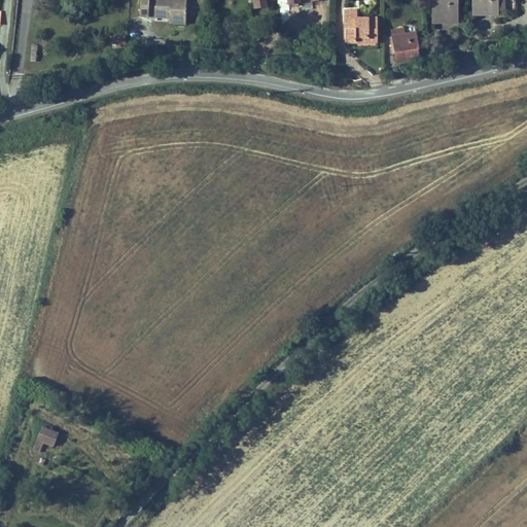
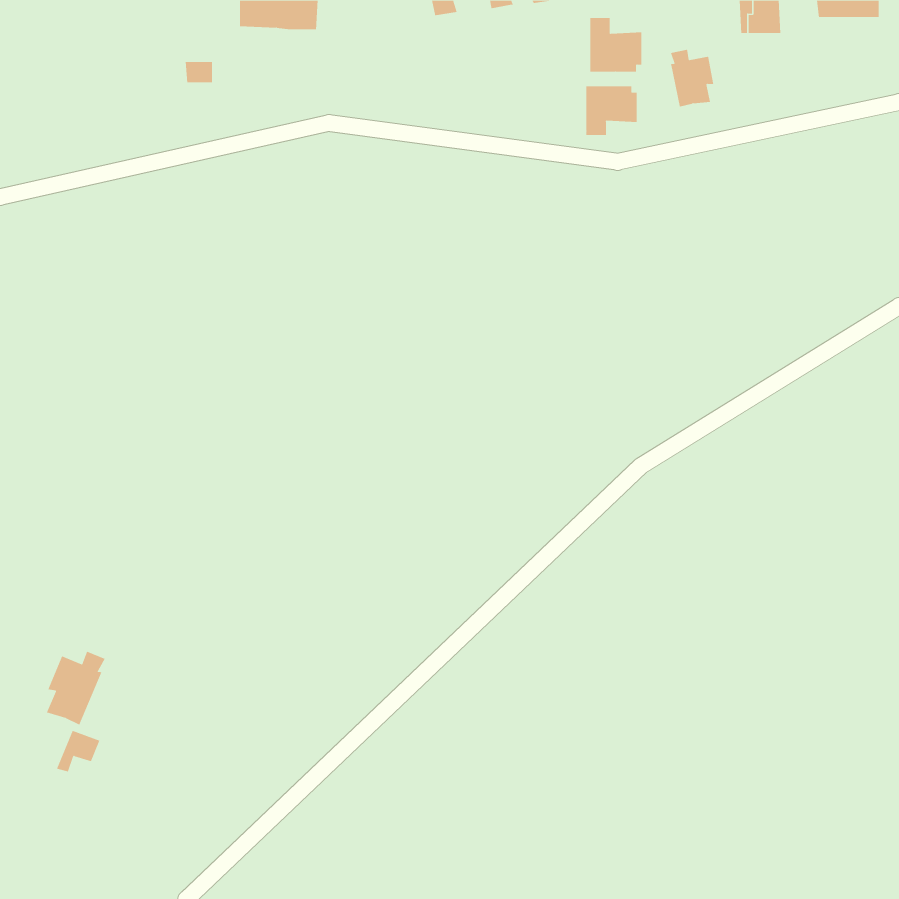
building: none -> [586,85,637,136]
building: none -> [46,651,105,725]

